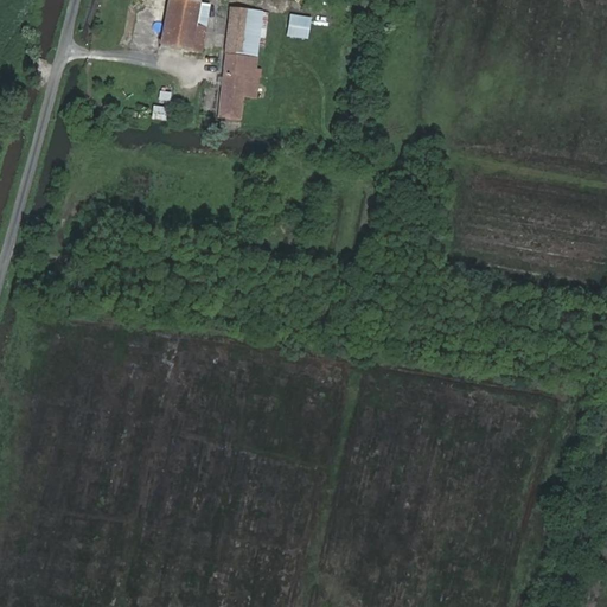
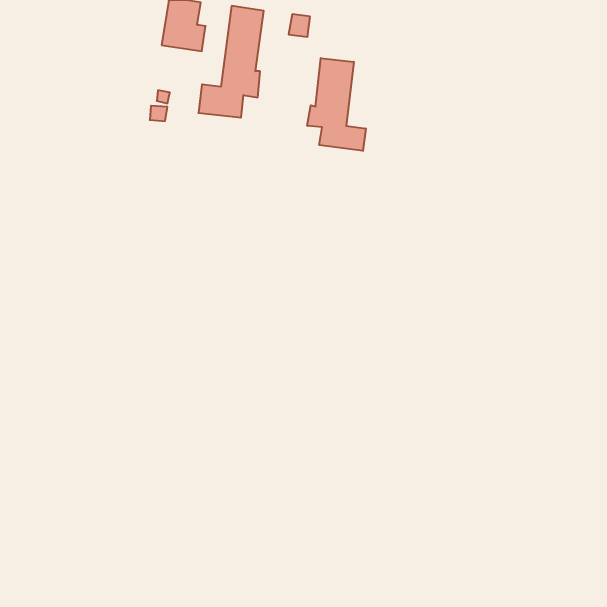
building: none -> [307,58,366,151]

